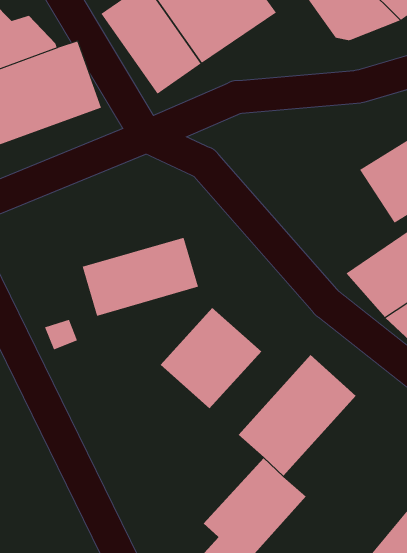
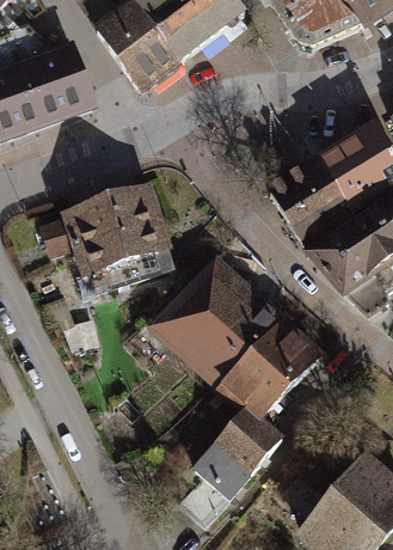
building: none -> [272,157,360,249]
building: none -> [42,177,167,250]
building: none -> [190,258,280,392]

